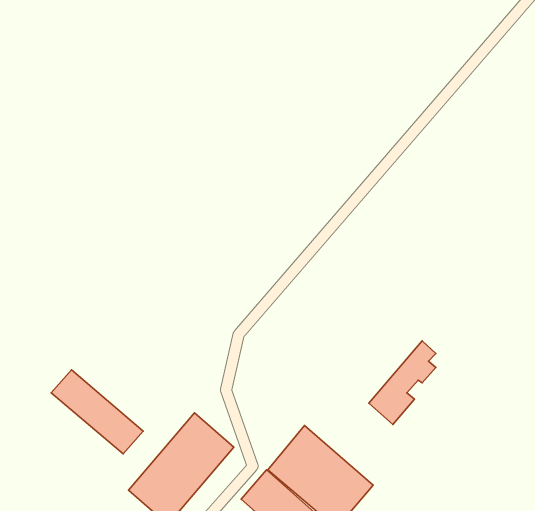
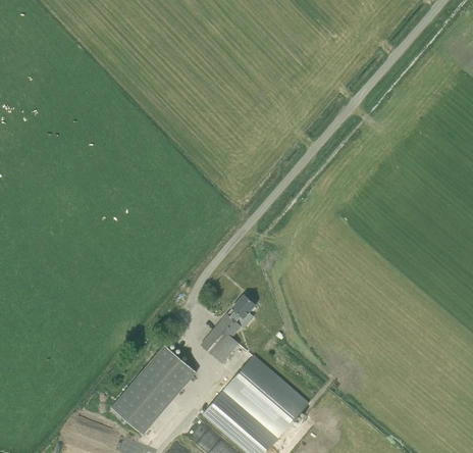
building: [369,341,436,425] -> [201,294,255,361]
building: [51,370,143,454] -> none

